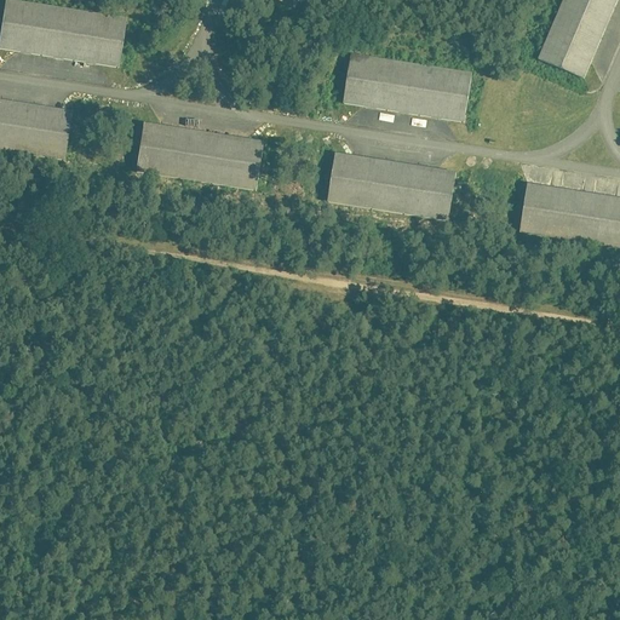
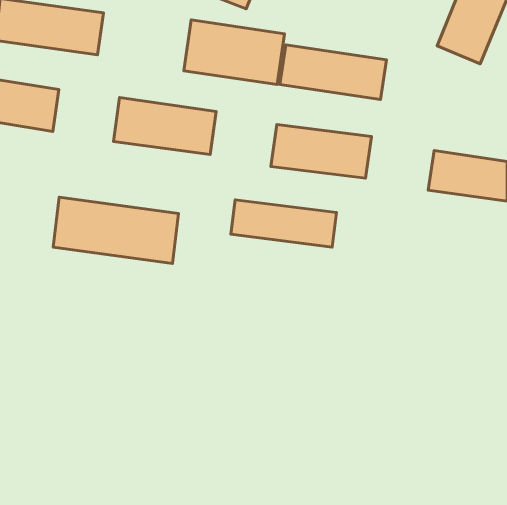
building: none -> [184,20,285,85]
building: none -> [53,197,178,264]
building: none -> [231,200,336,247]

